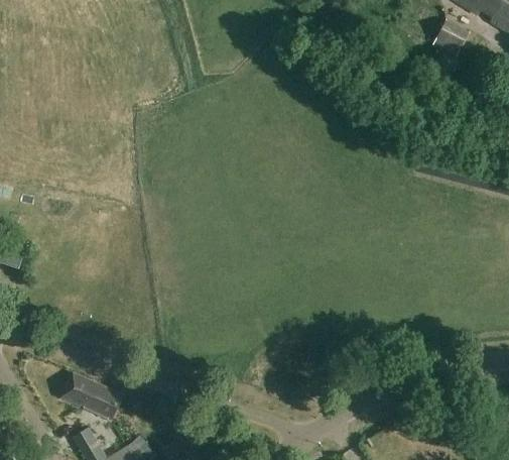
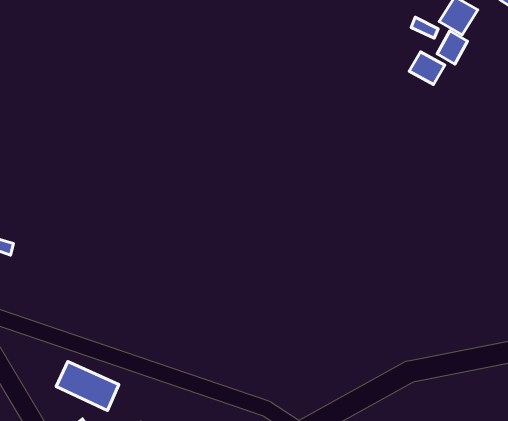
building: none -> [409,52,445,85]

